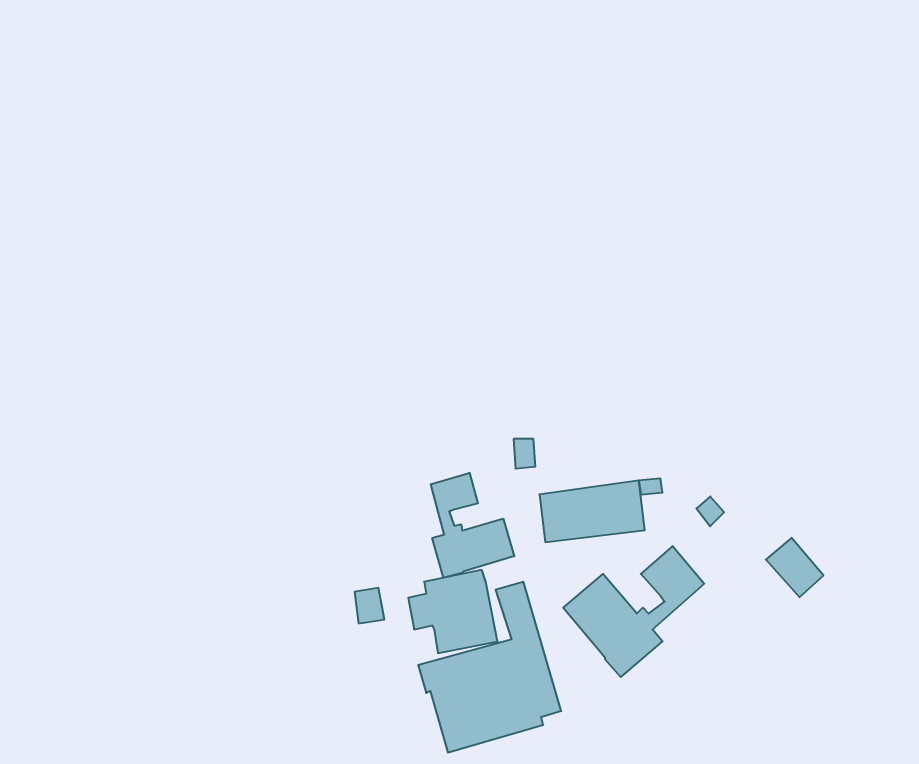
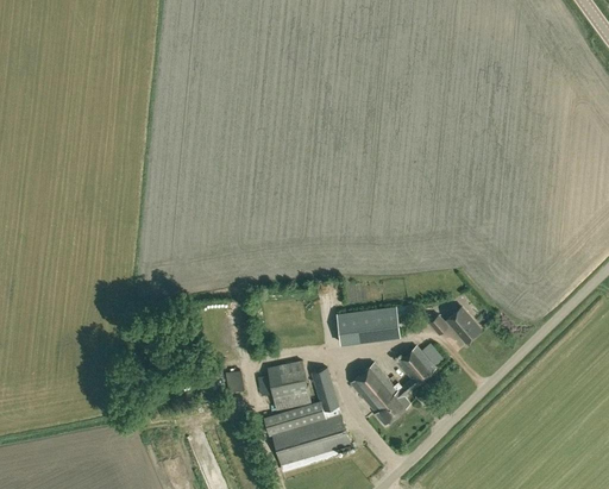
building: [431,473,514,578] -> none
building: [766,538,823,597] -> [446,306,481,341]

